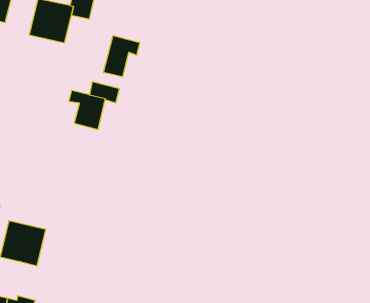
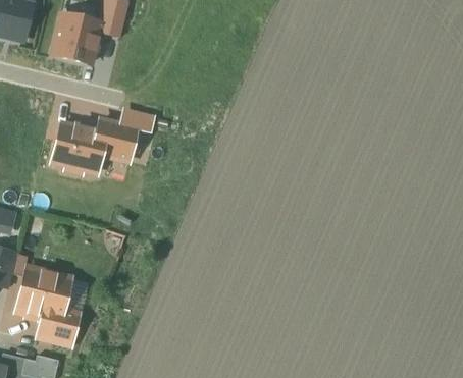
building: [103,35,140,77] -> none
building: none -> [50,121,109,175]
building: none -> [35,307,83,348]

